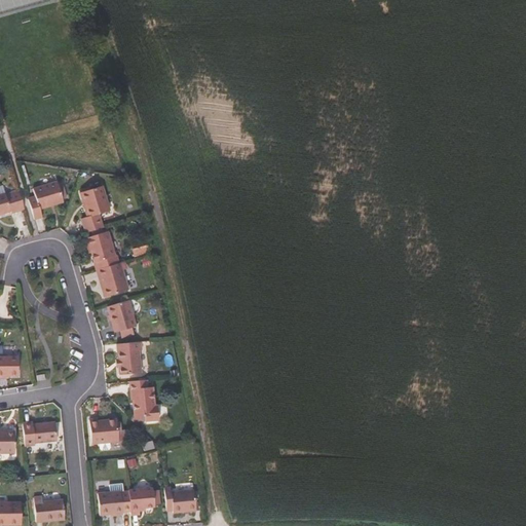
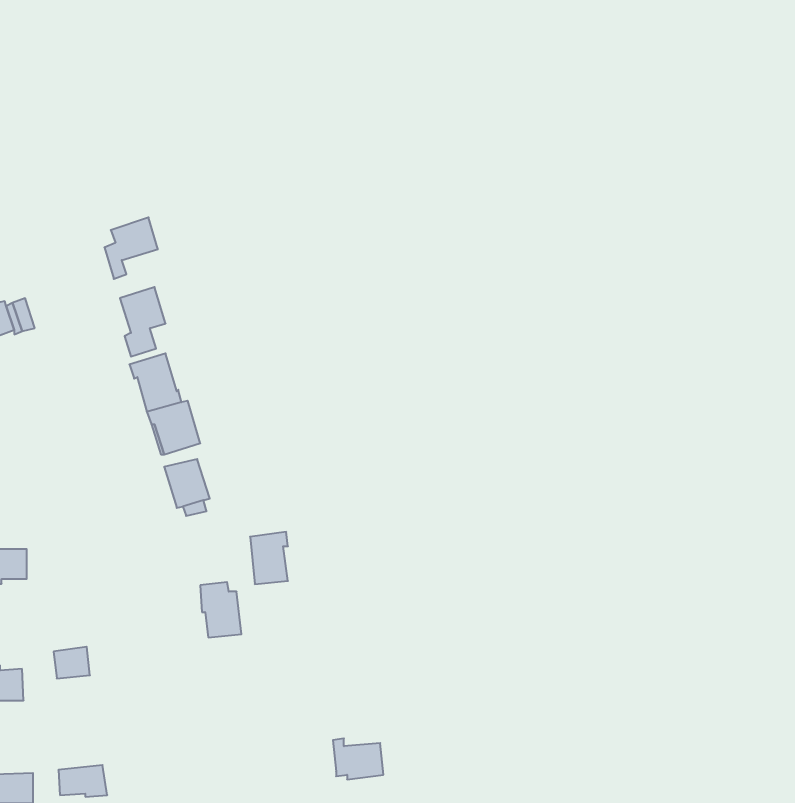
building: [26,183,61,223] -> [104,217,158,279]
building: [118,340,143,374] -> [250,532,288,584]
building: [90,416,121,442] -> none
building: [166,485,199,512] -> [333,738,383,779]
building: [130,486,157,515] -> none
building: [100,490,126,515] -> none

